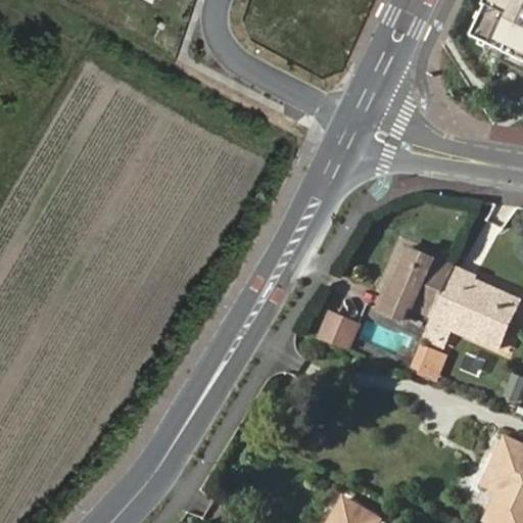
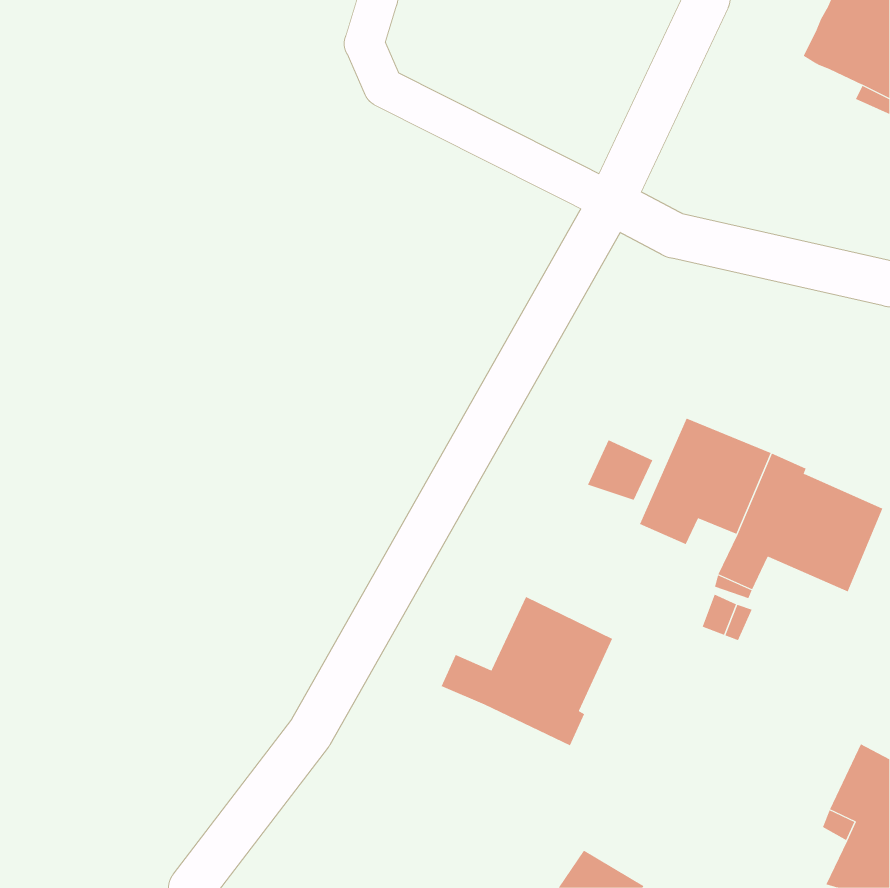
building: [318,313,356,348] -> [587,439,653,500]
building: none -> [441,596,613,746]

